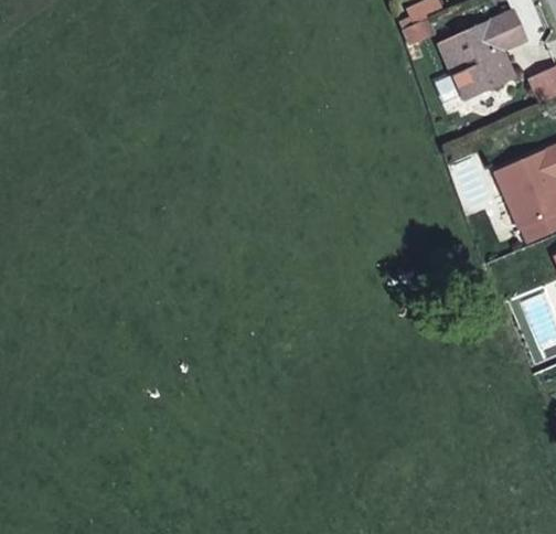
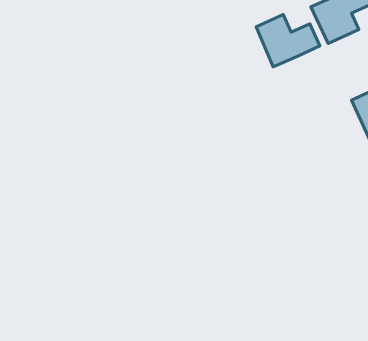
building: none -> [256,14,320,67]

